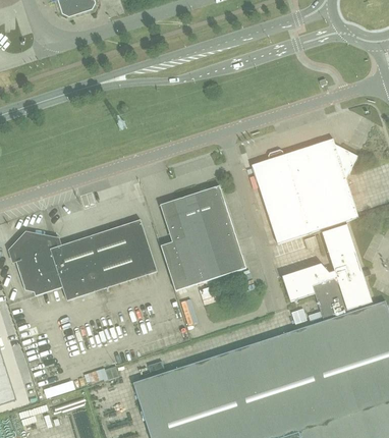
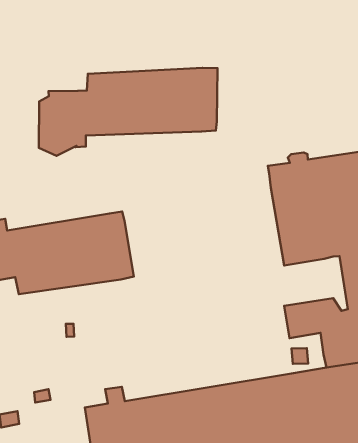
building: none -> [39,68,217,156]
building: [161,185,246,289] -> none

